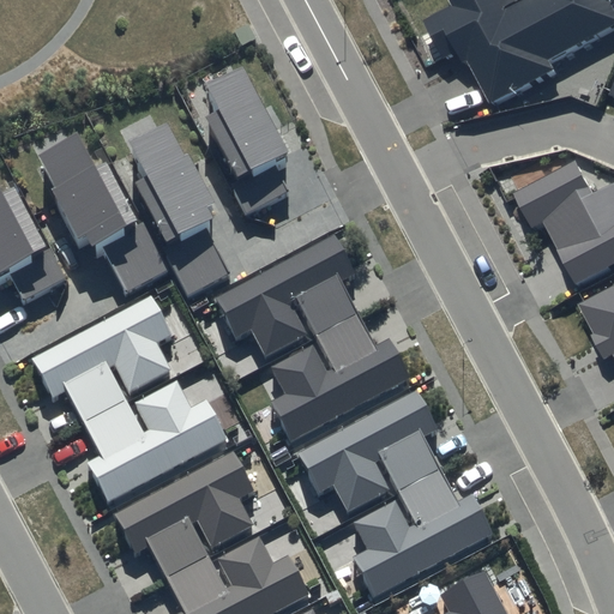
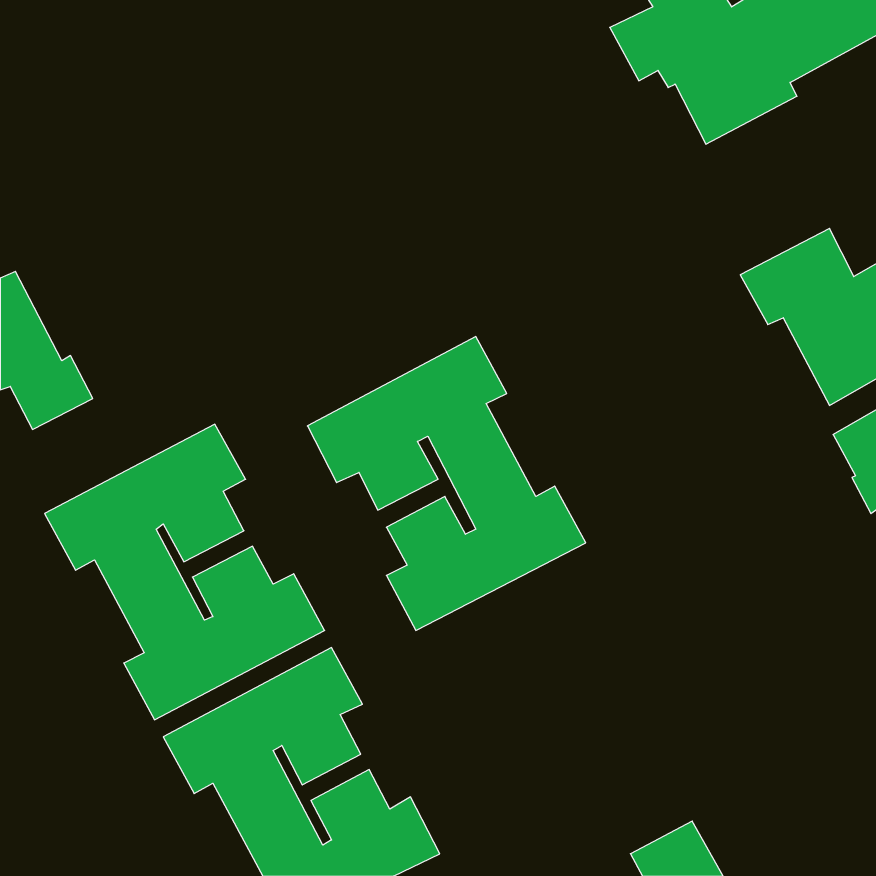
building: [204,68,289,212] -> none
building: [128,124,229,295] -> none
building: [37,136,168,291] -> none
building: [299,392,493,597] -> none

